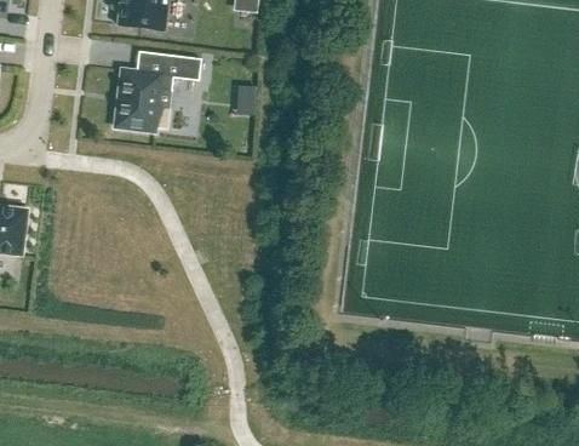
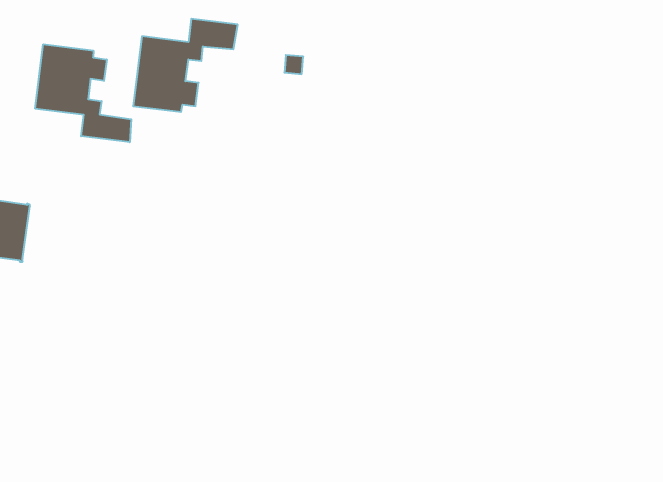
building: none -> [35,44,131,142]

